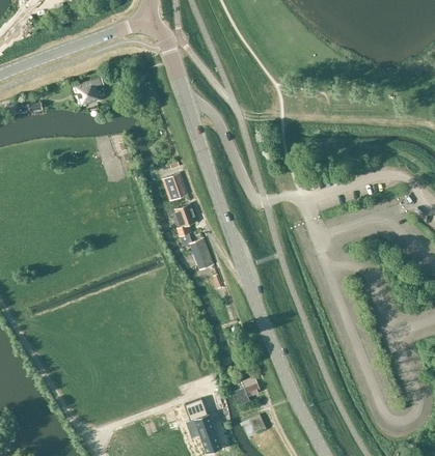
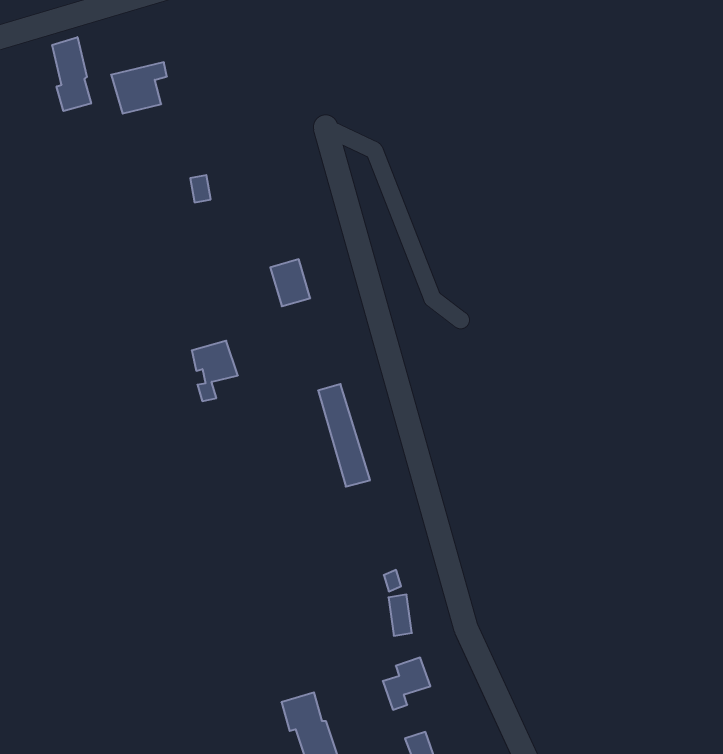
building: none -> [52,37,91,111]
building: [171,204,196,236] -> [192,341,238,401]

